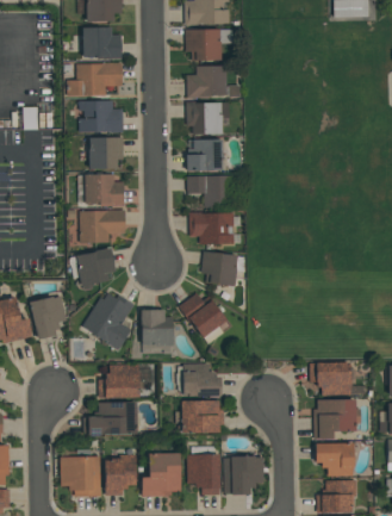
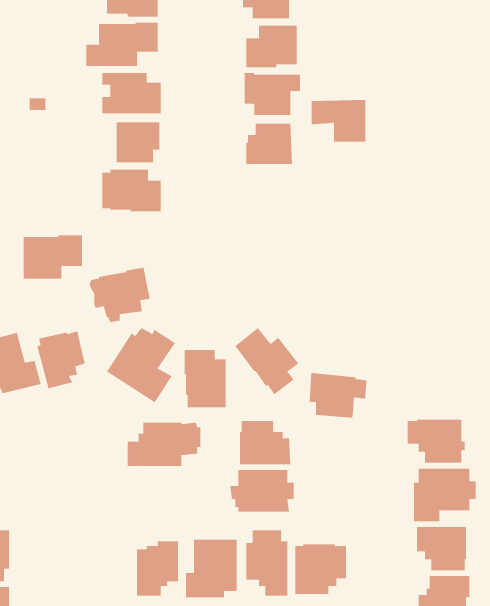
building: [187,175,229,207] -> [311,99,366,142]
building: [80,210,125,243] -> [23,235,83,279]
building: [188,212,234,244] -> none
building: [201,251,245,286] -> [309,372,367,418]
building: [83,402,144,436] -> none
building: [60,456,101,497] -> none

